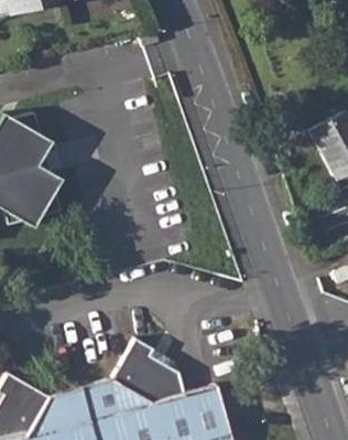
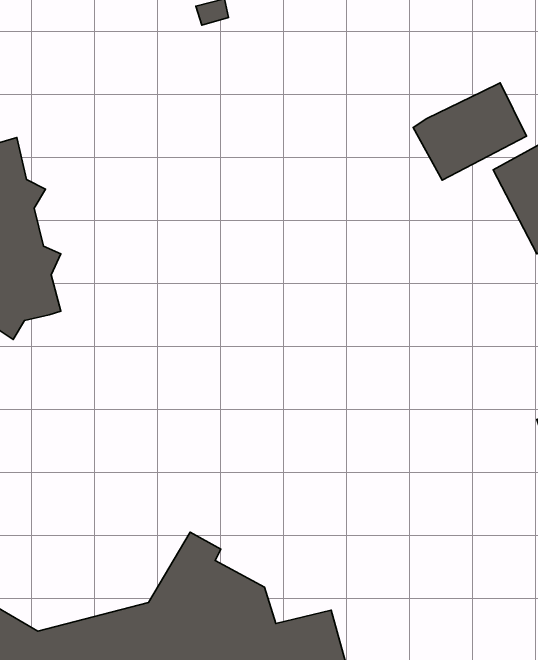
building: none -> [413,83,527,180]

